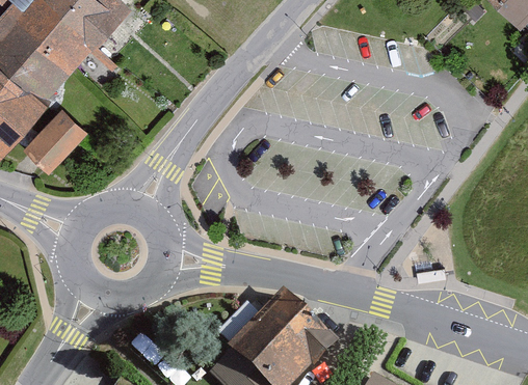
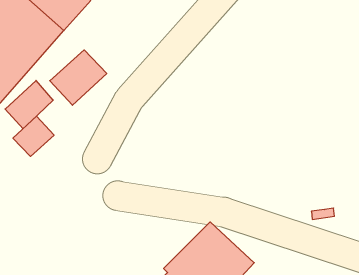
building: none -> [50,50,107,105]
building: none -> [13,116,54,156]

